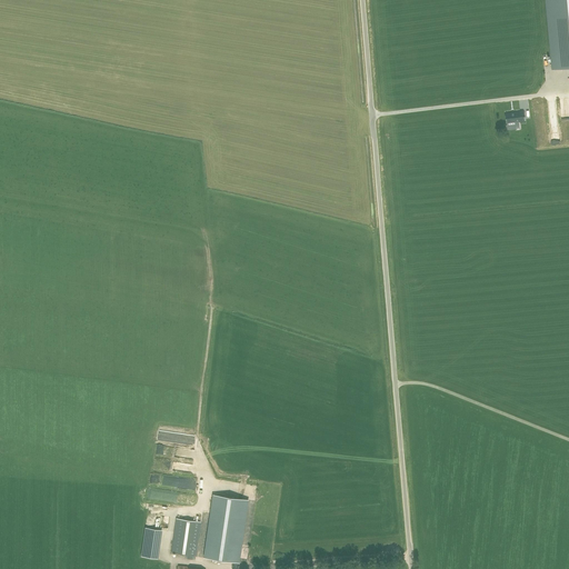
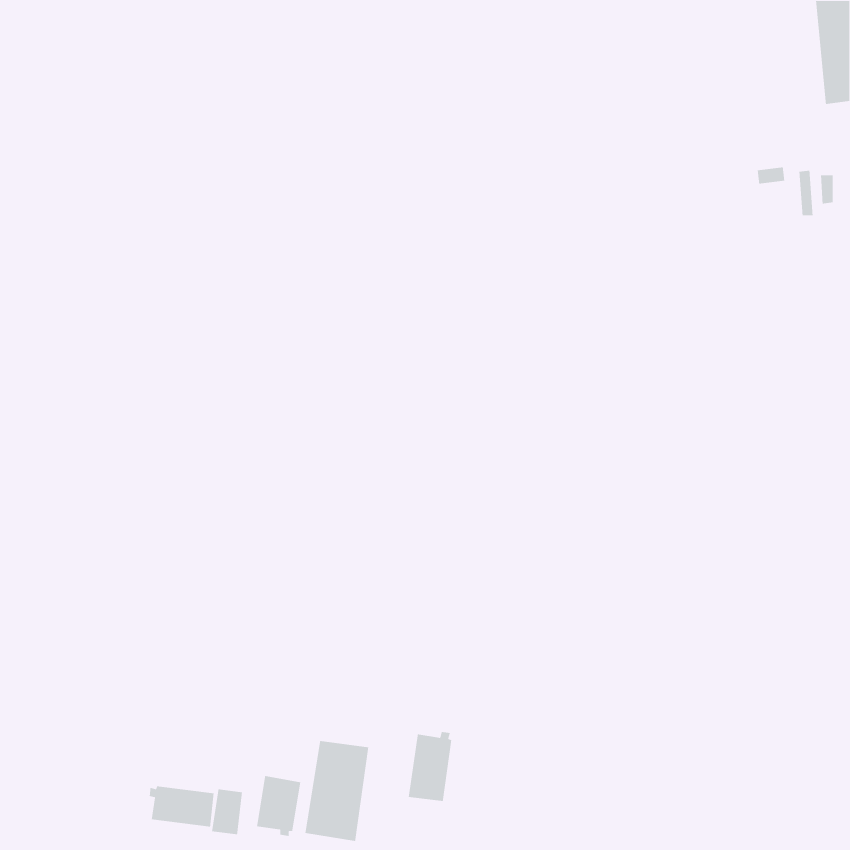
building: none -> [408,731,452,802]
building: none -> [149,785,214,827]

